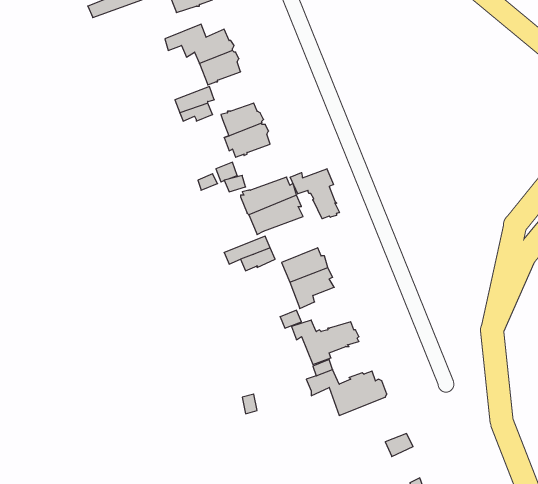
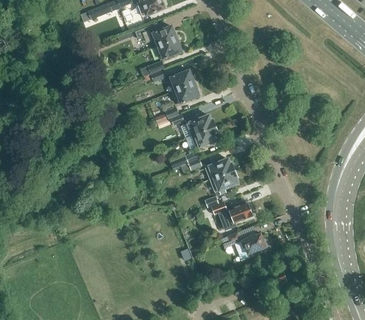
building: [290,169,339,219] -> none

